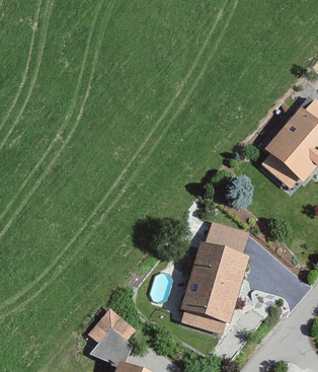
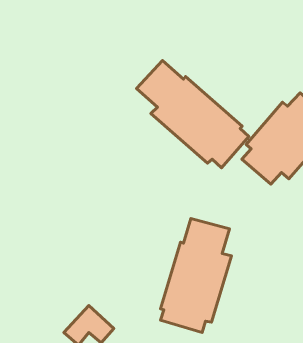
building: none -> [136,60,249,168]

